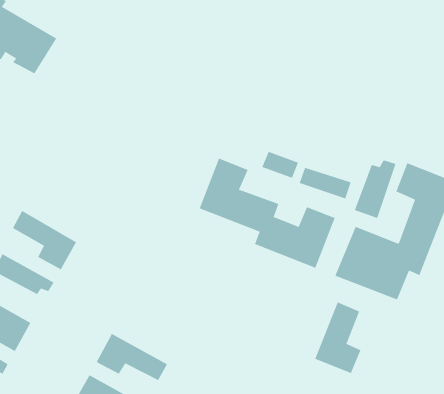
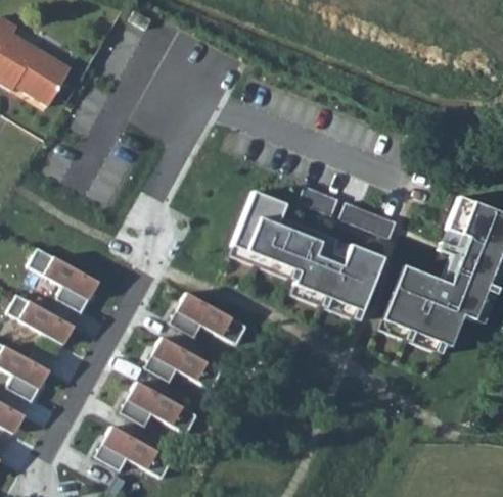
building: [354,160,396,219] -> none
building: none -> [169,294,247,345]
building: none -> [144,338,222,390]
building: [315,302,361,374] -> none

